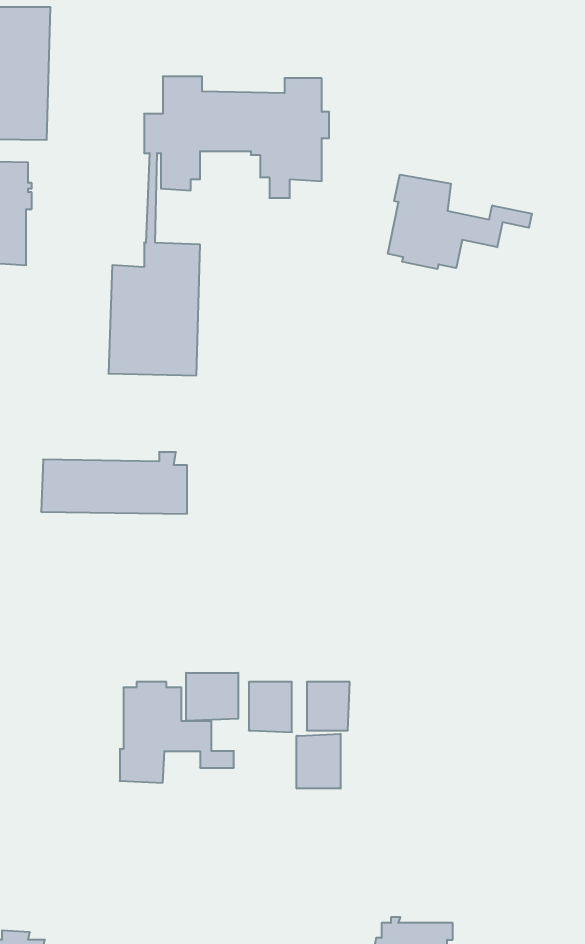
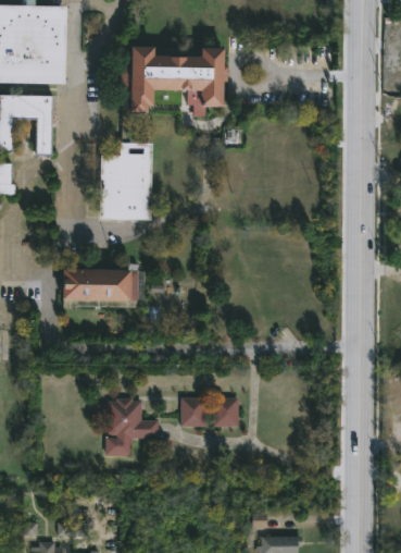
building: [388,175,532,269] -> none
building: [186,673,238,721] -> none
building: [297,734,341,789] -> none

